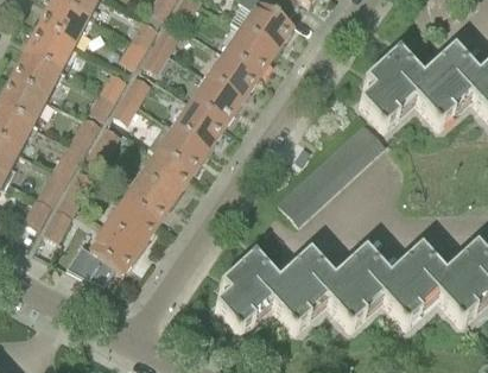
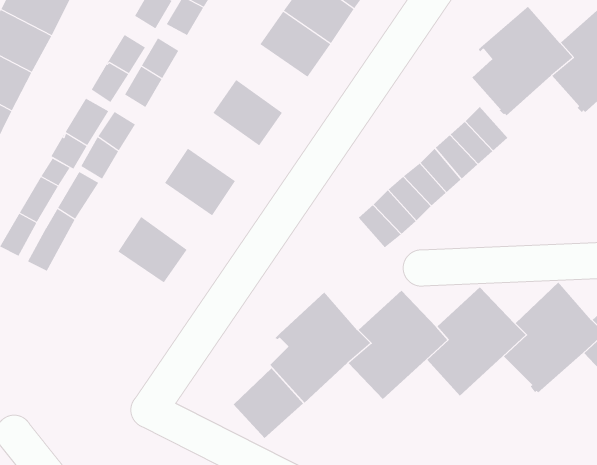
building: [195,71,246,120] -> none
building: [152,115,211,169] -> none
building: [127,170,178,217] -> none
building: [70,219,144,280] -> none
building: none -> [233,367,304,439]

